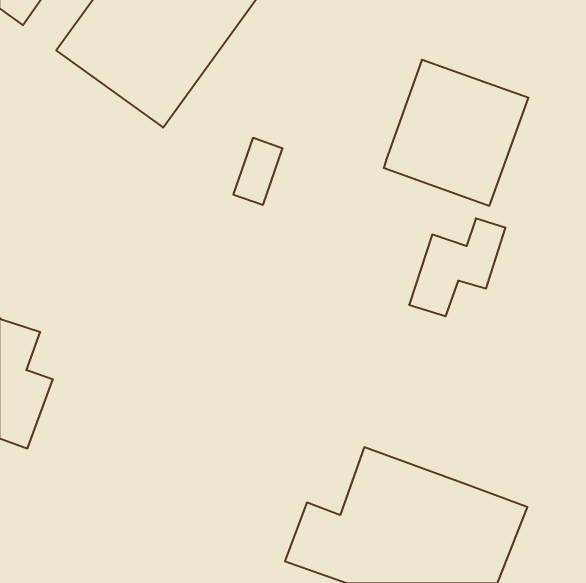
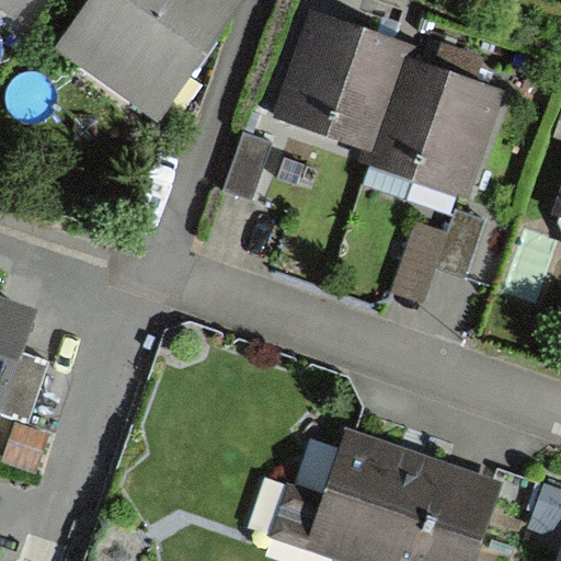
building: none -> [274,16,404,152]

